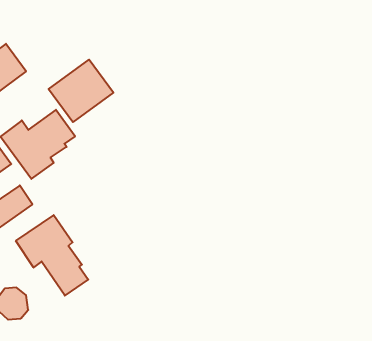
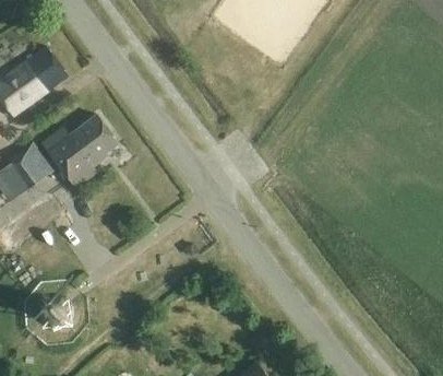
building: [49,60,113,122] -> none
building: [16,215,88,296] -> none

